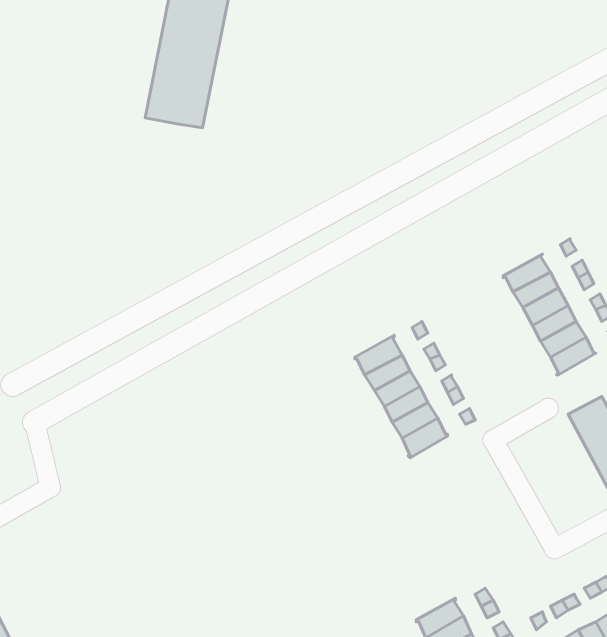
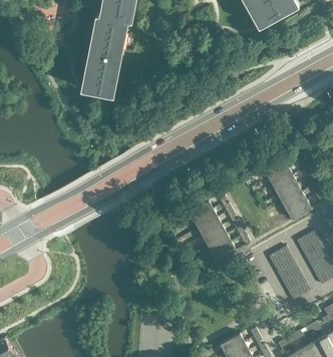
building: none -> [268,246,310,300]

